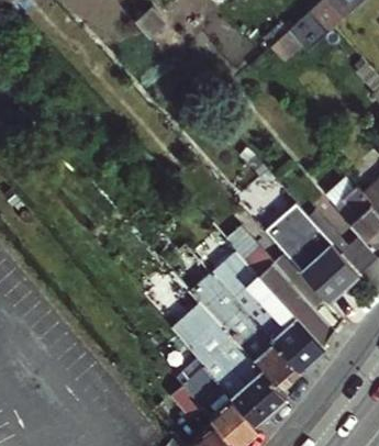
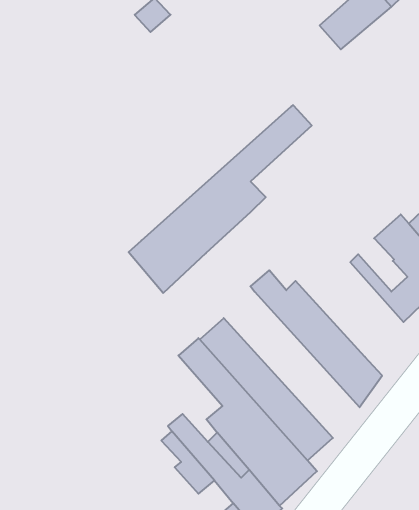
building: none -> [129,105,312,293]
building: [268,211,357,303] -> none
building: [209,249,324,370] -> none

